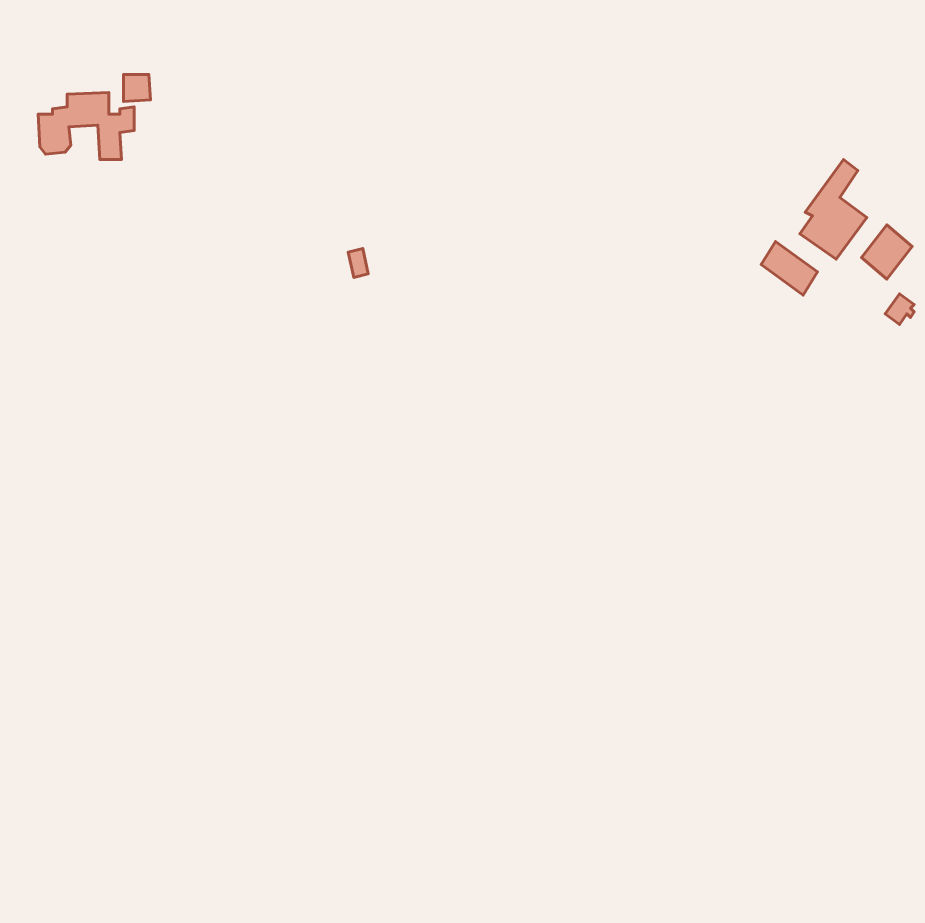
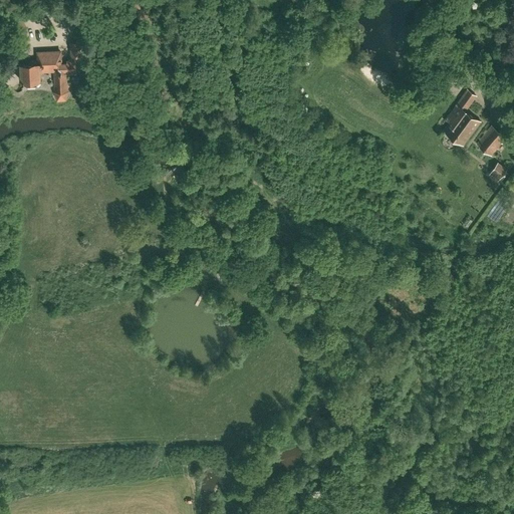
building: [761,242,817,295] -> none

